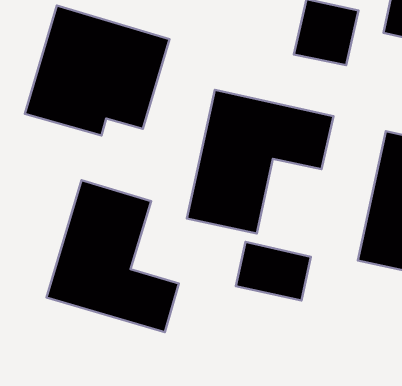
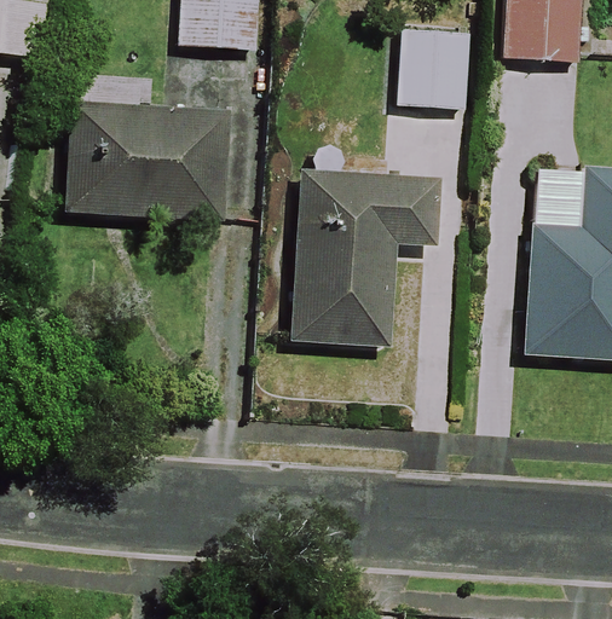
building: [47,180,179,332] -> none
building: [236,242,311,300] -> none

